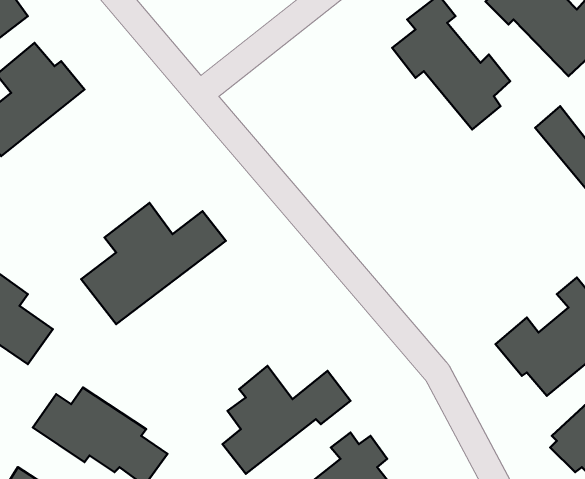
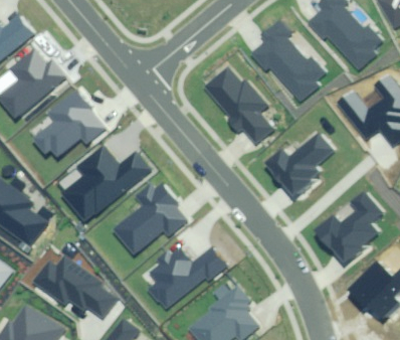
building: none -> [205,66,274,143]
building: none -> [33,89,106,155]
building: none -> [264,133,332,196]
building: none -> [115,182,188,253]

